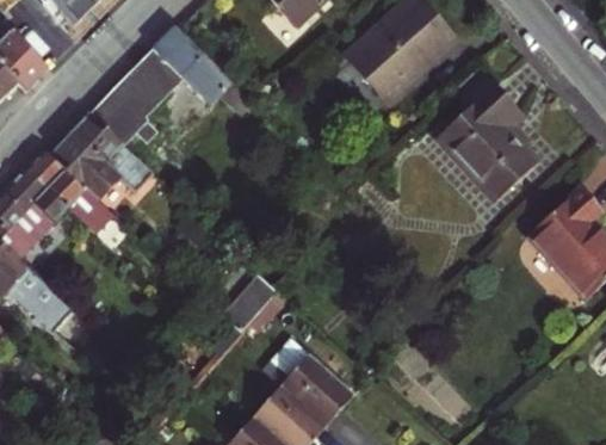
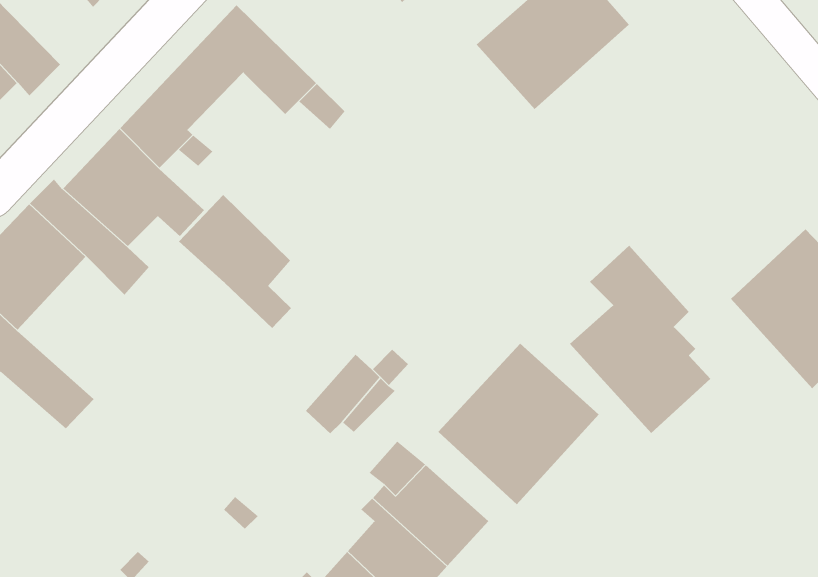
building: [435,68,537,203] -> [569,245,711,434]
building: none -> [178,194,292,329]
building: none -> [437,343,599,505]

